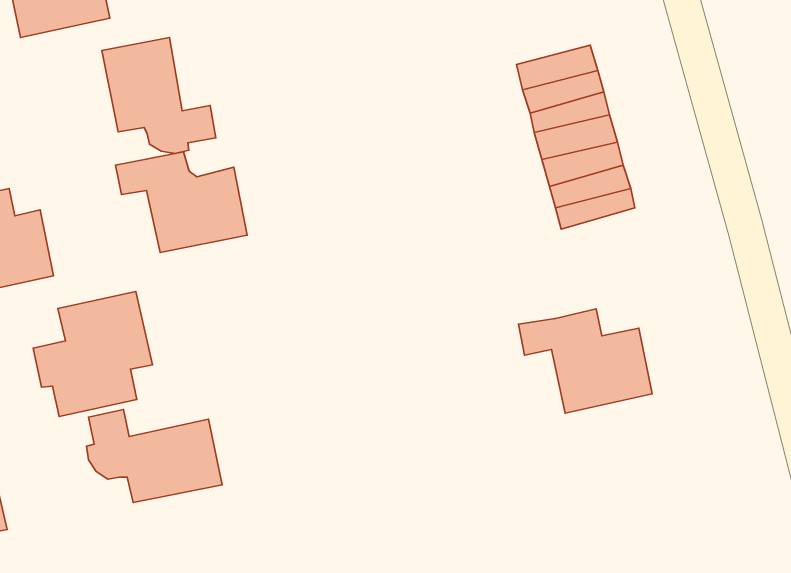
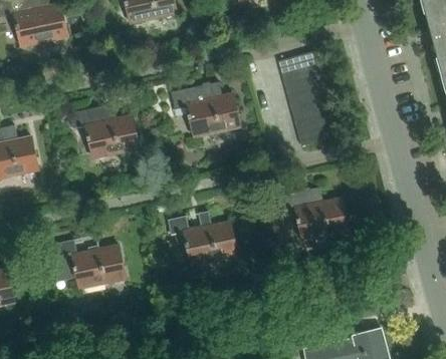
building: [102,38,216,153] -> none
building: none -> [171,82,240,137]
building: [33,292,153,417] -> none
building: none -> [168,212,238,264]

